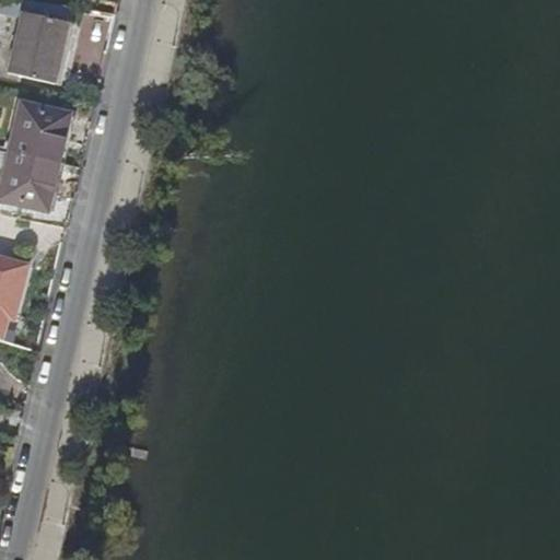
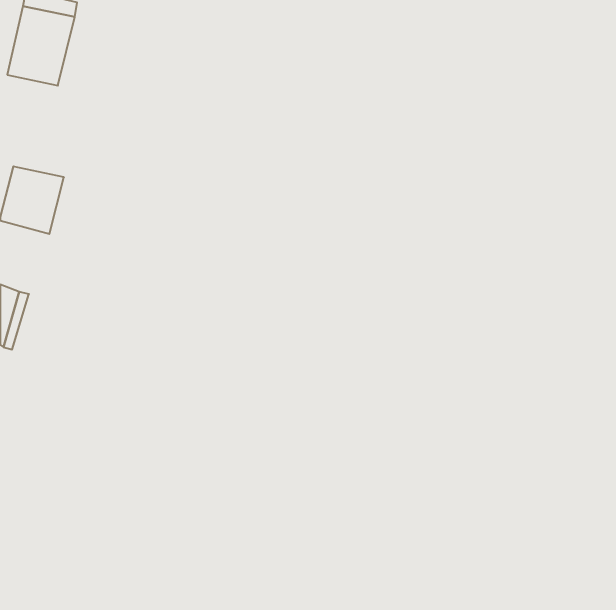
building: [12,108,69,161] -> none

